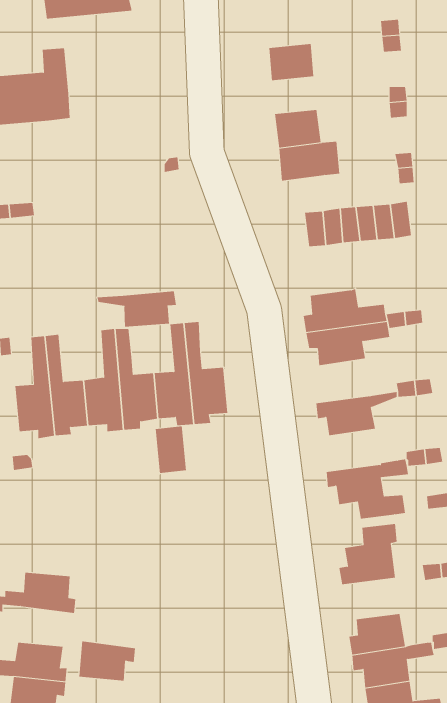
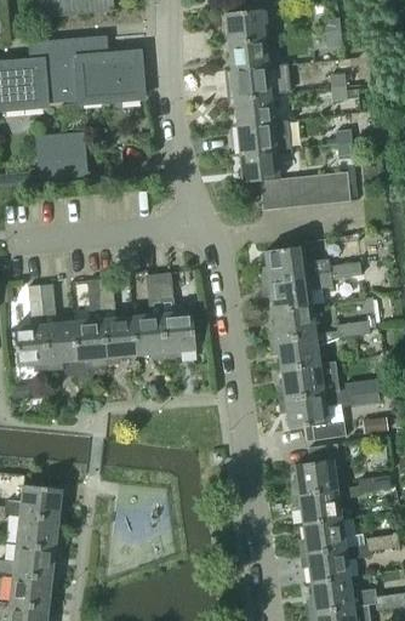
building: none -> [226,10,266,41]
building: none -> [57,38,141,101]
building: none -> [232,65,270,97]
building: none -> [36,131,89,178]
building: none -> [240,149,280,182]
building: [97,290,176,328] -> none
building: none -> [267,304,315,342]
building: [155,426,187,474] -> none
building: none -> [275,364,324,400]
building: none -> [291,490,341,525]
building: [79,641,136,681] -> [17,514,65,548]

